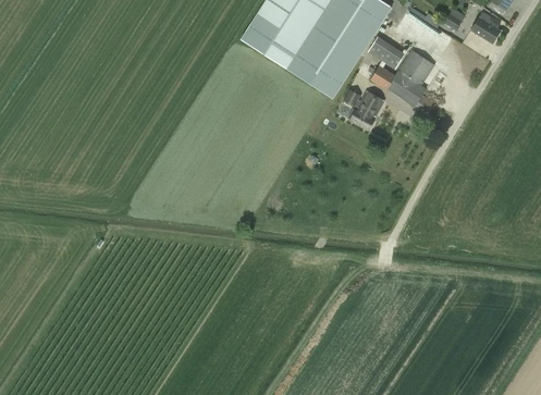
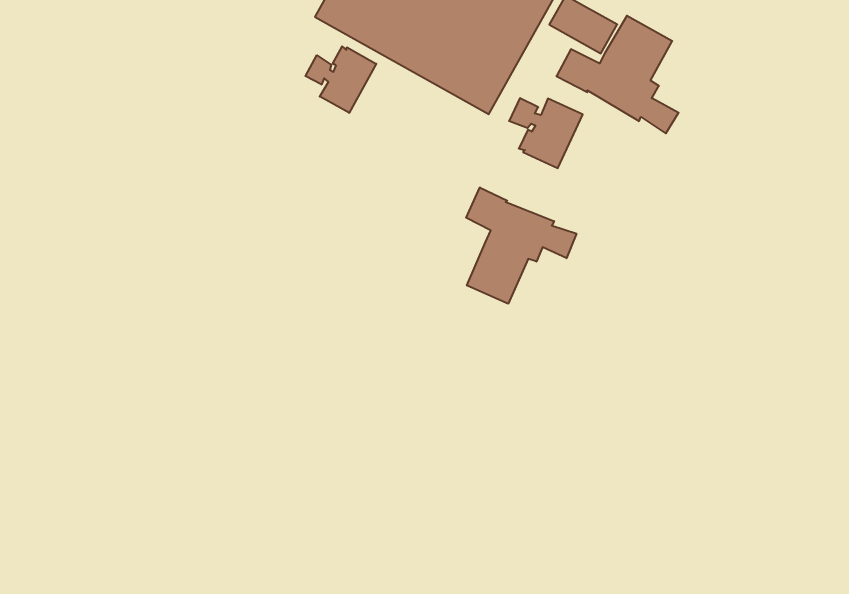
building: none -> [305,46,376,113]
building: none -> [466,187,576,304]

